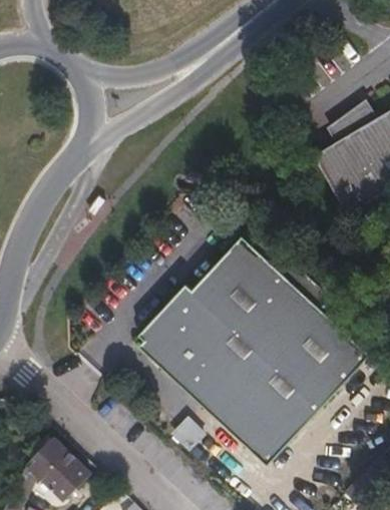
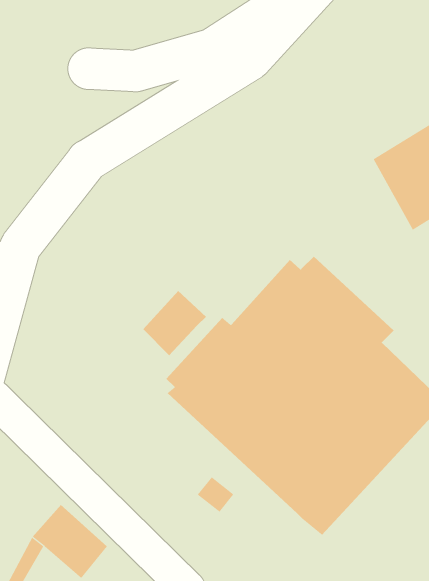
building: none -> [142,290,207,356]

